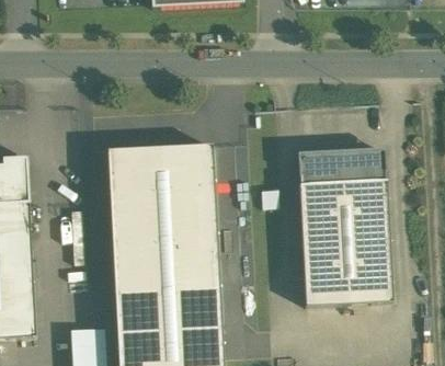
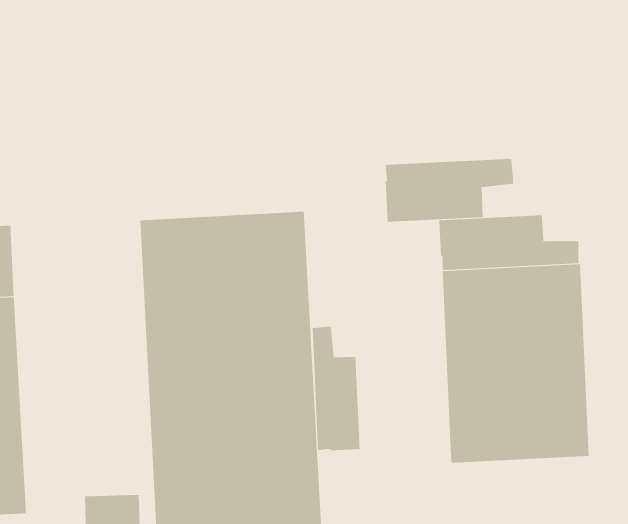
building: none -> [385,158,514,223]
building: none -> [312,326,360,451]

